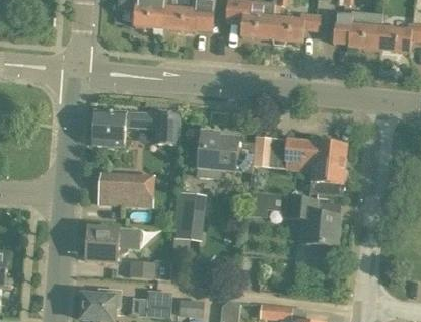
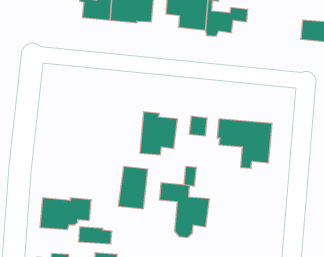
building: [334,10,382,48] -> none
building: [92,110,181,146] -> none
building: [97,172,162,205] -> none
building: [284,195,341,257] -> [159,183,209,237]

